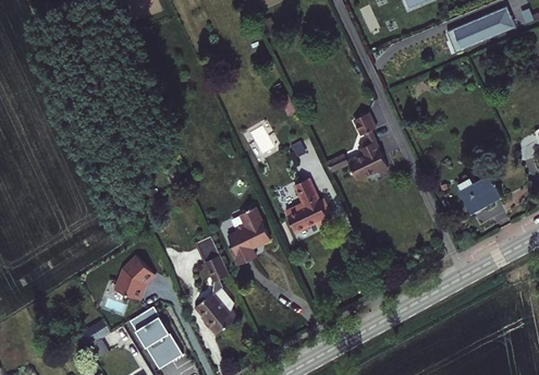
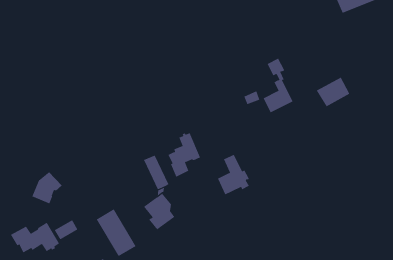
building: [455,173,500,213] -> [316,77,350,107]
building: [285,180,328,233] -> [217,154,250,195]
building: [118,257,158,300] -> [31,171,62,204]
building: none -> [10,222,60,253]

